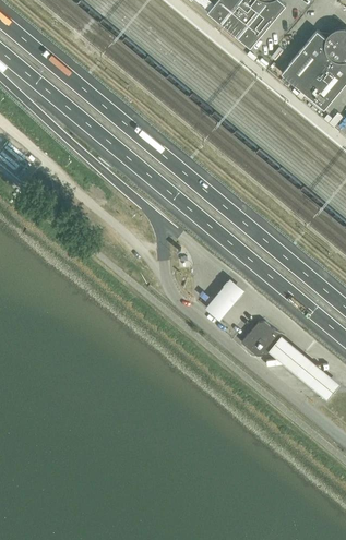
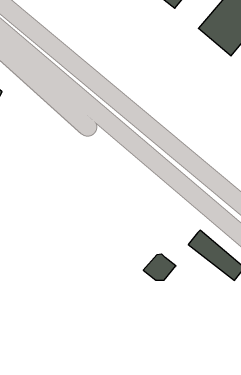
building: [205,277,244,320] -> none
building: [240,322,283,356] -> [143,254,176,280]

